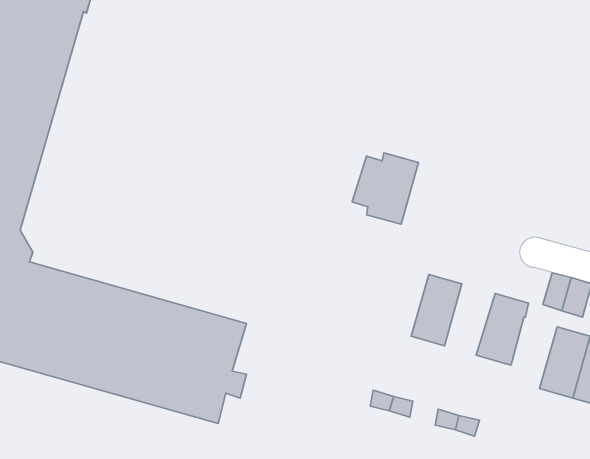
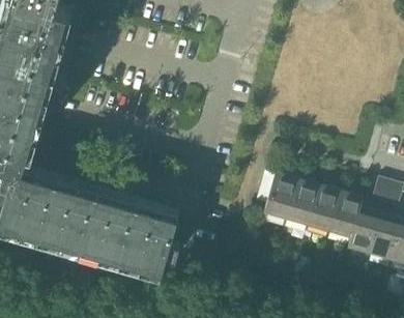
building: [352,153,419,224] -> [255,175,298,222]
building: none -> [309,187,342,234]
building: none -> [349,209,382,256]

